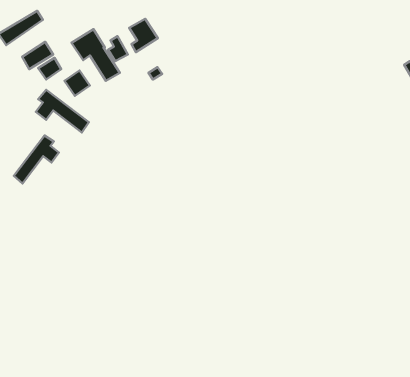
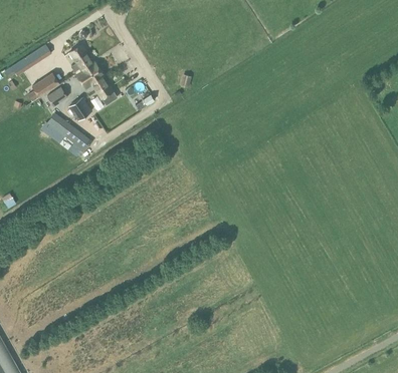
building: [129,19,158,52] -> [70,44,95,73]
building: [14,136,59,183] -> none

